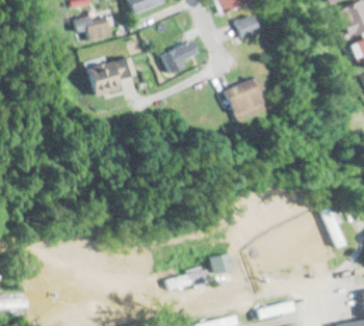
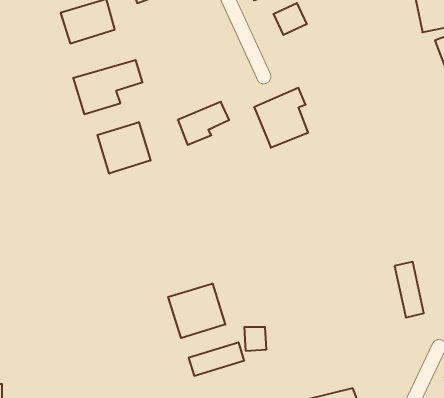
building: [160,40,199,73] -> [178,102,229,145]
building: none -> [97,122,151,174]
building: none -> [168,283,225,338]

